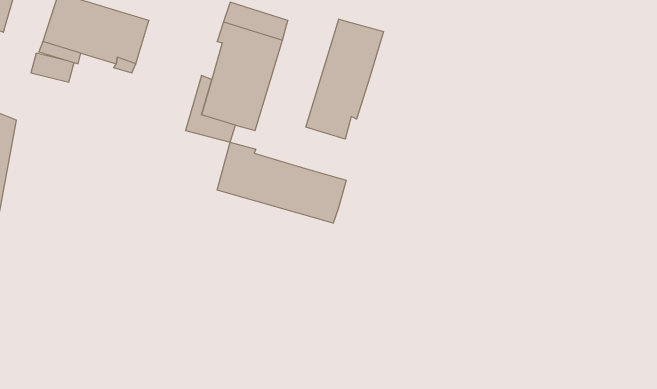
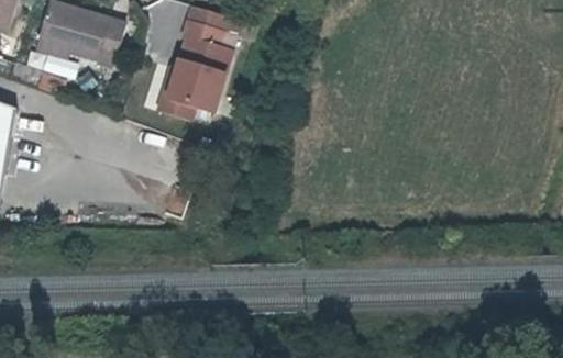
building: [306,19,383,139] -> none
building: [217,142,346,223] -> none

